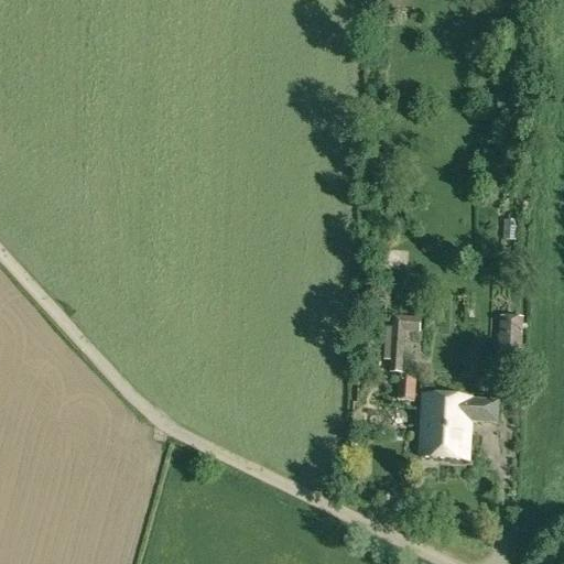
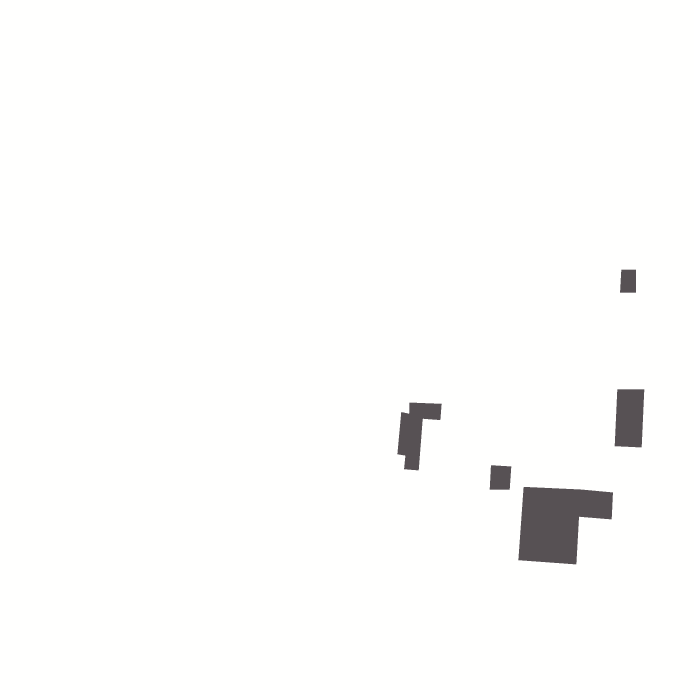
building: [383,315,421,371] -> [396,402,443,471]

